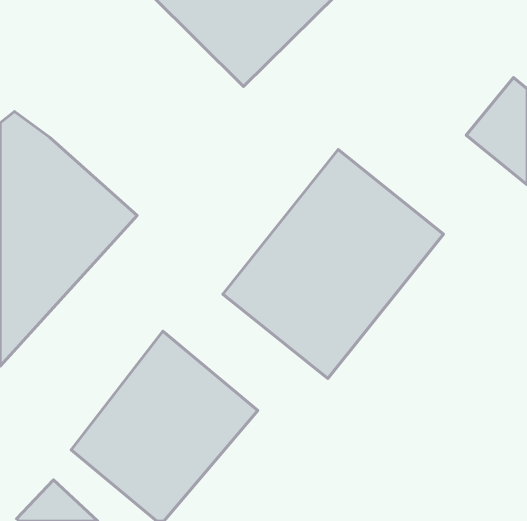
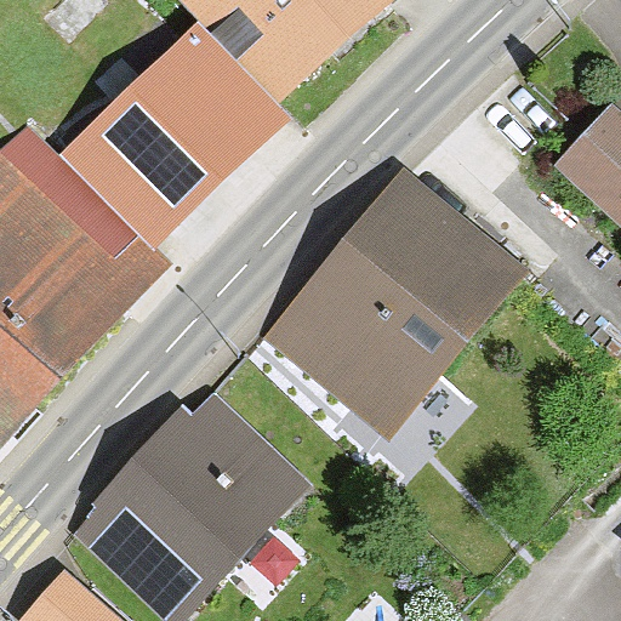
building: none -> [58,16,286,253]

